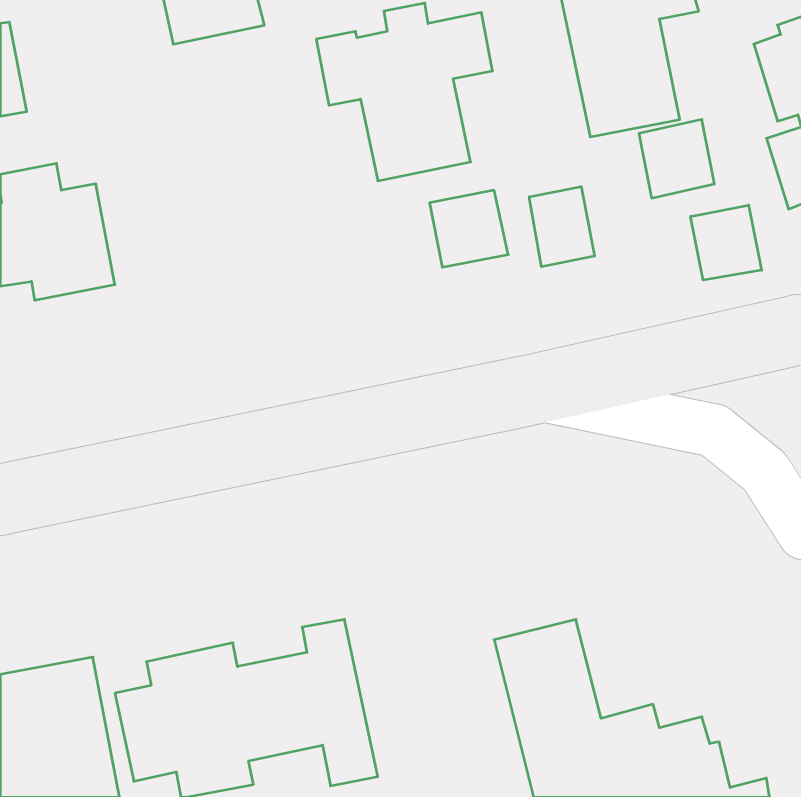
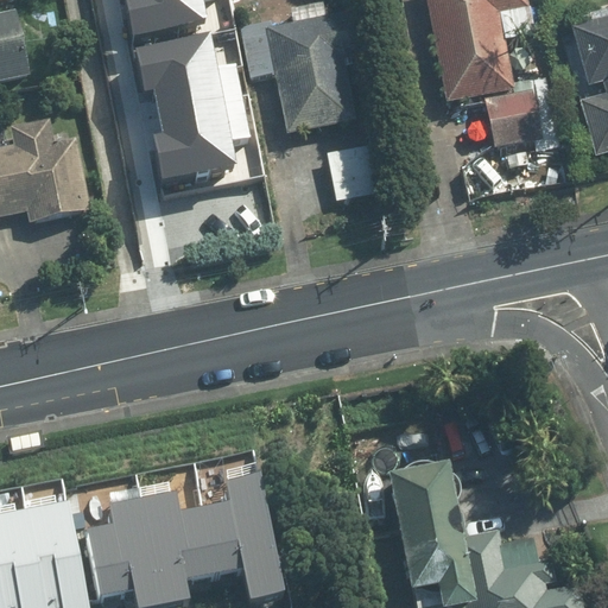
building: none -> [137,40,233,179]
building: [529,187,595,267] -> none
building: [691,205,762,280] -> none

